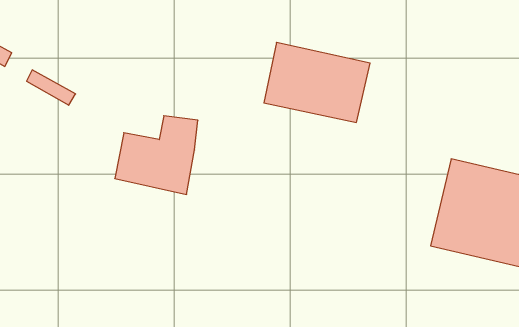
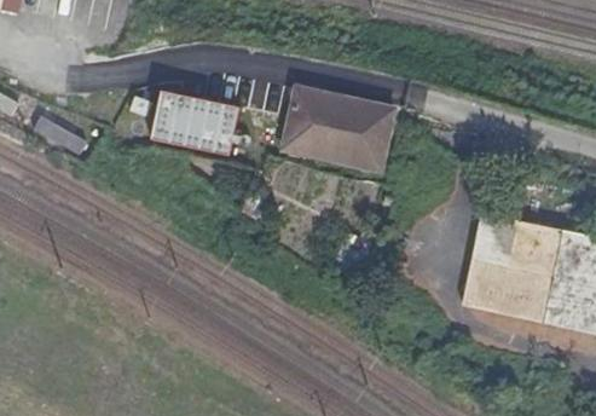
building: [115,116,198,194] -> [151,77,239,161]

